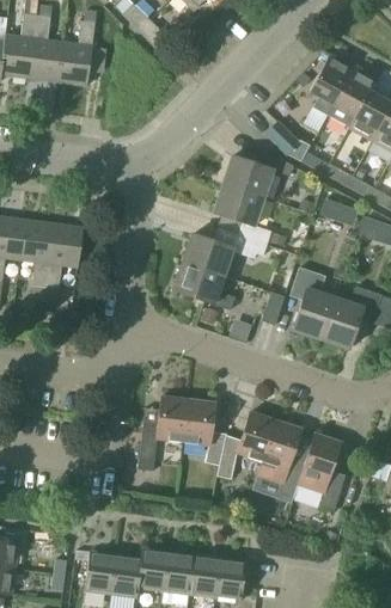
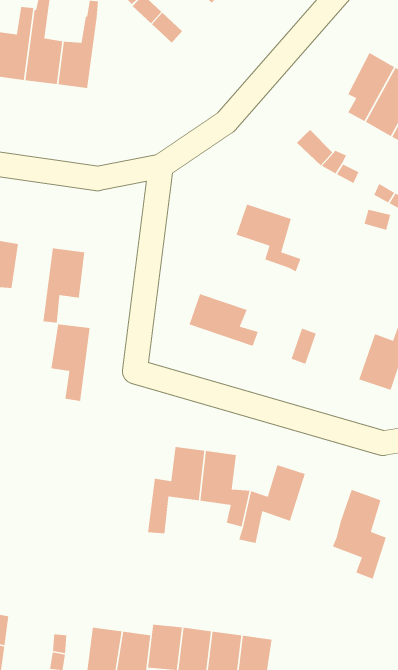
building: [224,151,293,198] -> none
building: [20,220,55,288] -> [51,323,91,402]
building: [183,231,267,277] -> none
building: [291,268,335,338] -> none
building: [257,419,305,497] -> none

